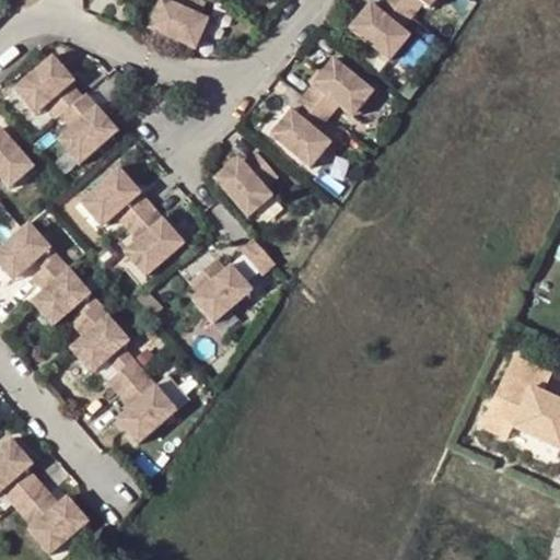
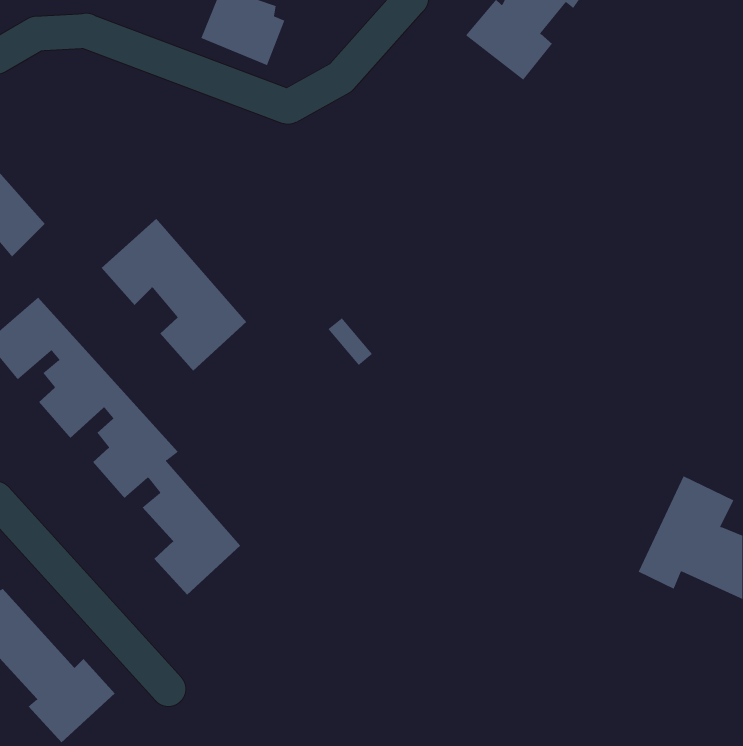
building: [14,49,122,163] -> none
building: [270,55,376,168] -> none
building: [213,150,280,220] -> none
building: [187,255,253,324] -> none

